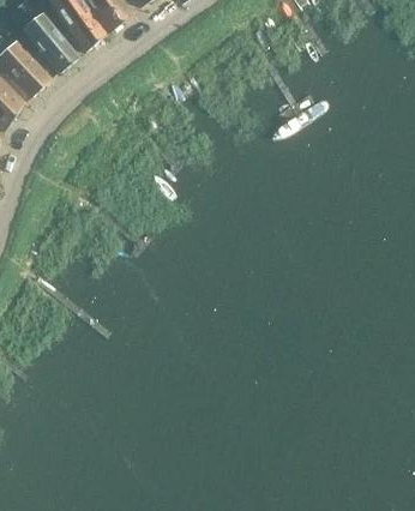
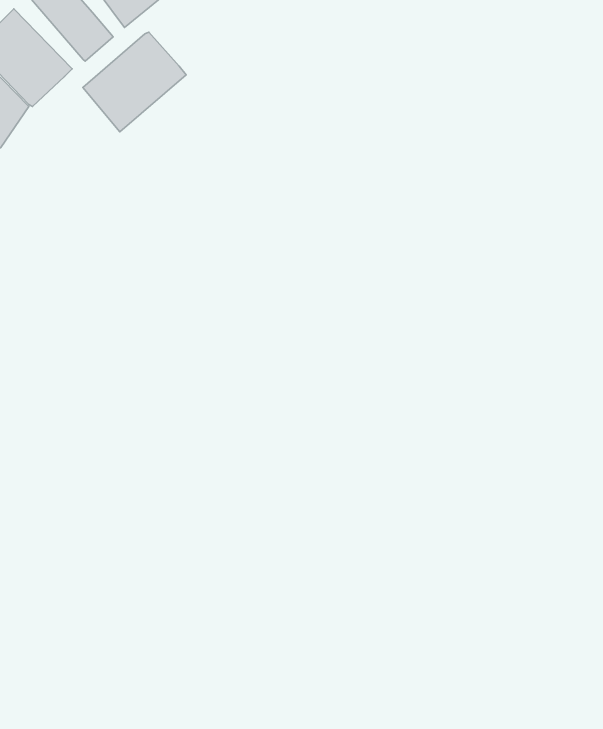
building: none -> [83,32,186,132]

